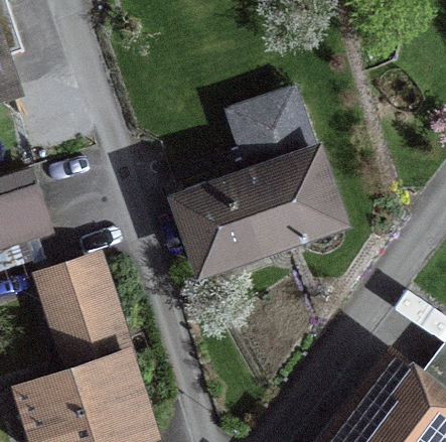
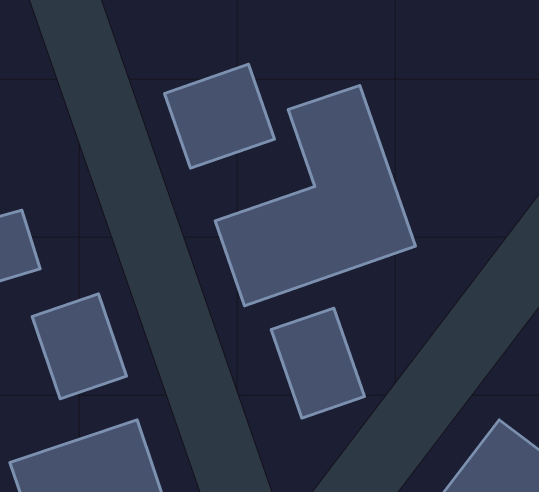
building: none -> [164,64,275,168]
building: none -> [271,308,364,418]

